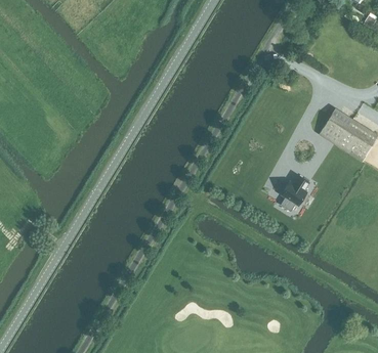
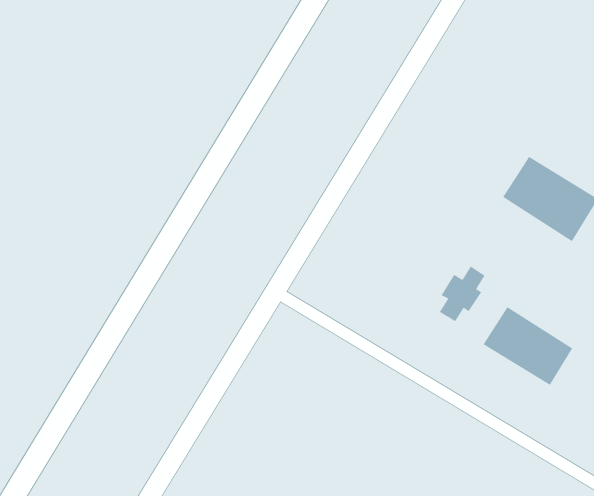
building: none -> [482,306,573,386]

